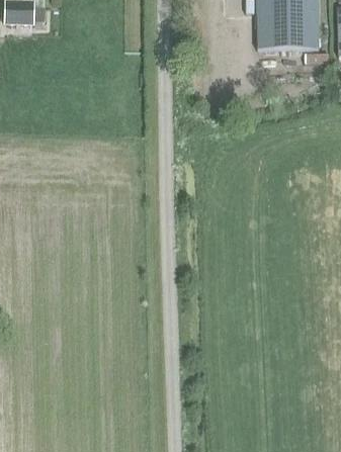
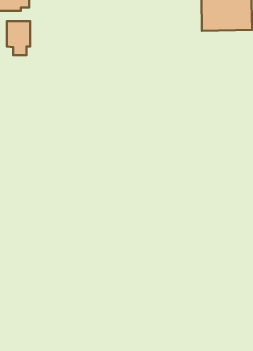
building: none -> [7,21,30,55]

